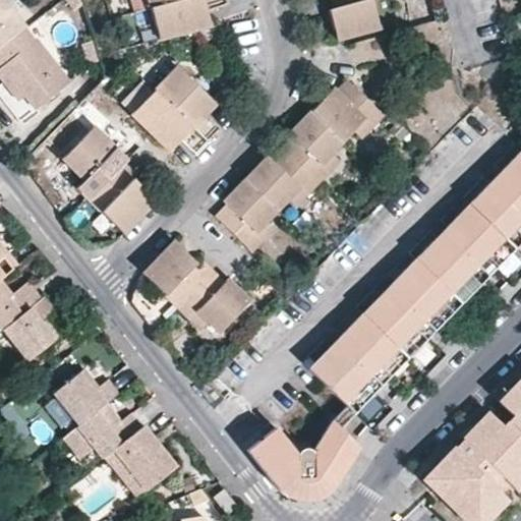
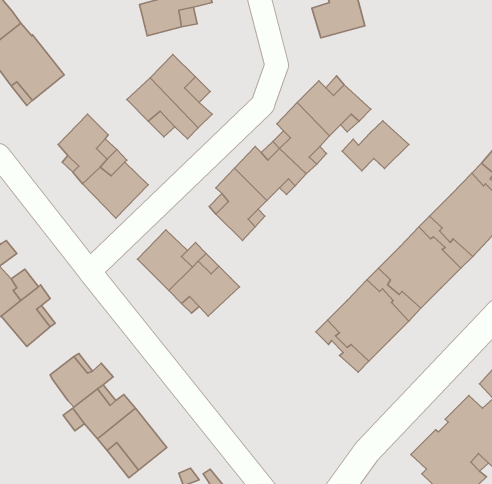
building: none -> [342,121,409,171]
building: [309,347,373,411] -> none
building: [245,420,358,498] -> none

